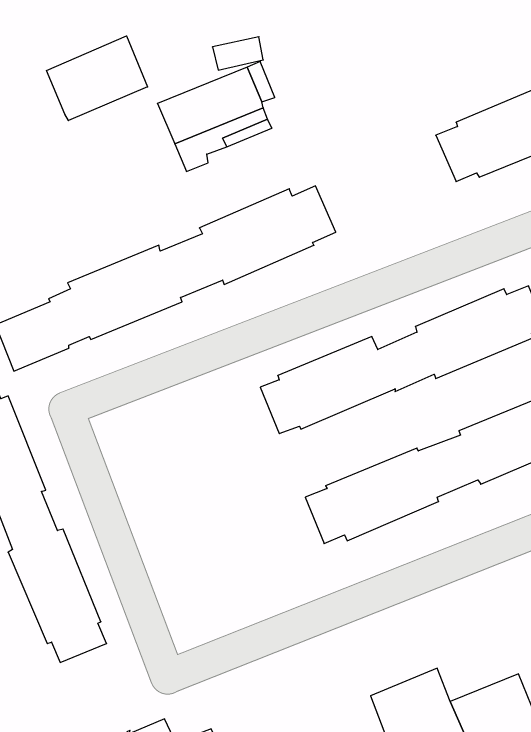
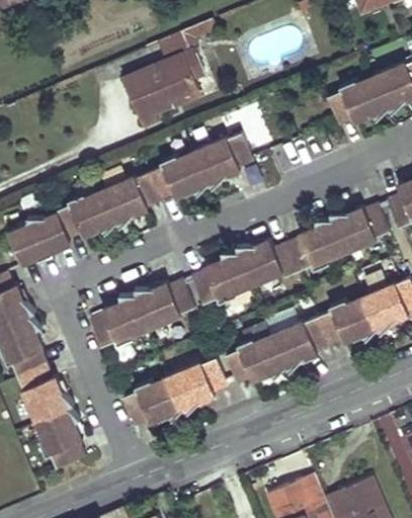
building: [46,36,148,121] -> none
building: none -> [91,280,198,352]
building: none -> [123,356,231,428]

